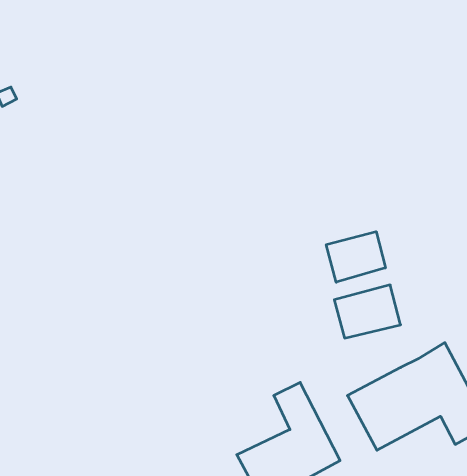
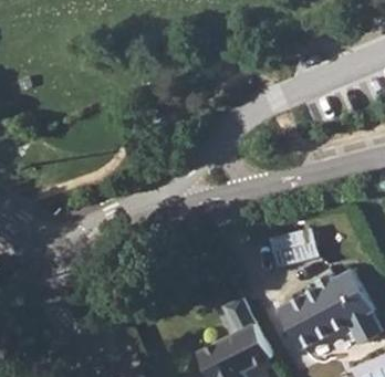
building: [326,232,385,282] -> none

